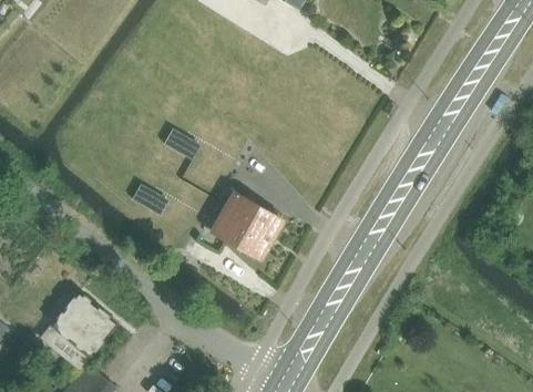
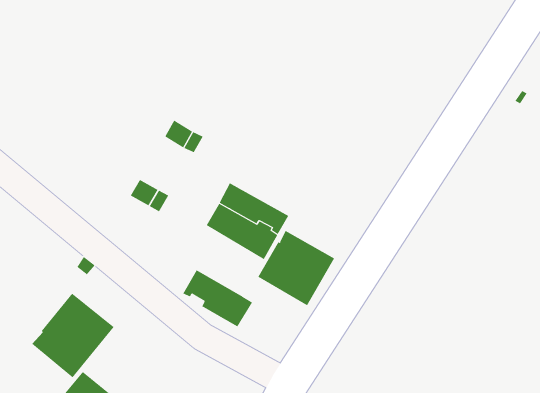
building: none -> [257,230,335,306]
building: none -> [183,269,253,327]

